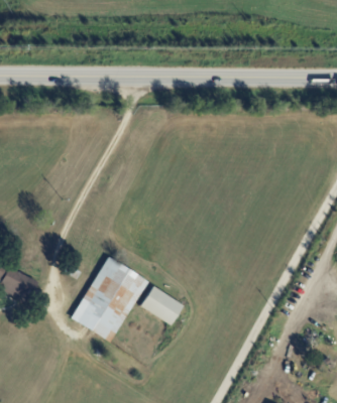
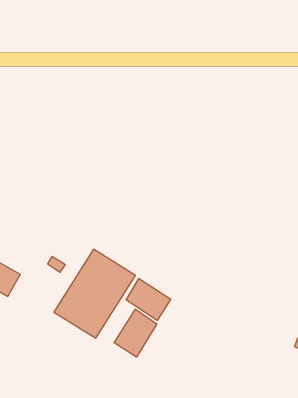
building: none -> [114,309,157,357]

